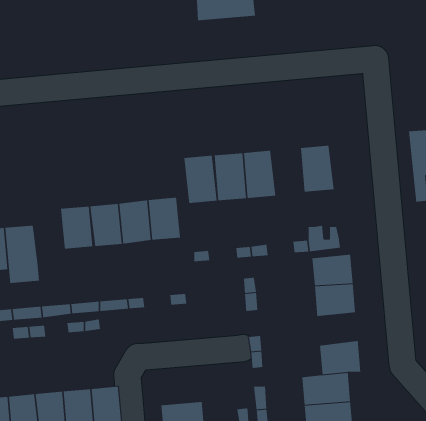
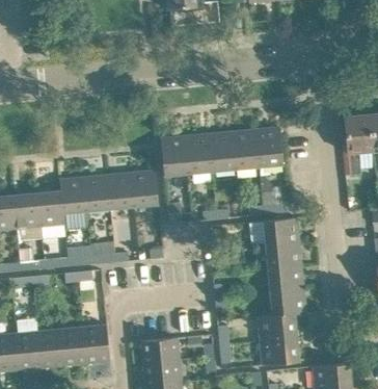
building: none -> [232,129,259,168]
building: none -> [37,190,63,226]
building: none -> [269,264,303,291]

